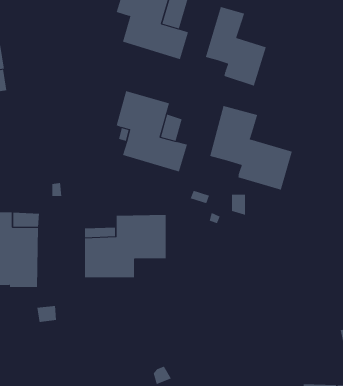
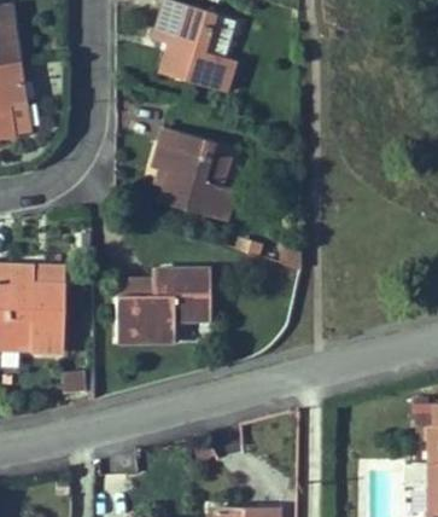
building: [205,6,266,86] -> none
building: [209,105,293,191] -> none

